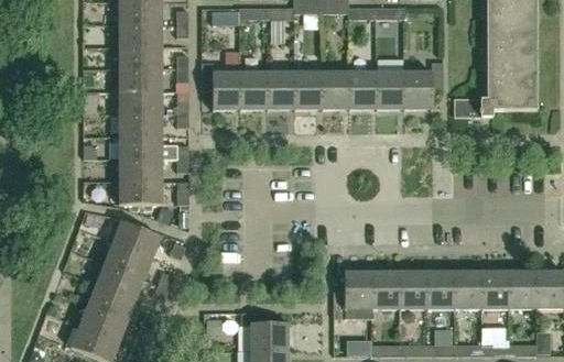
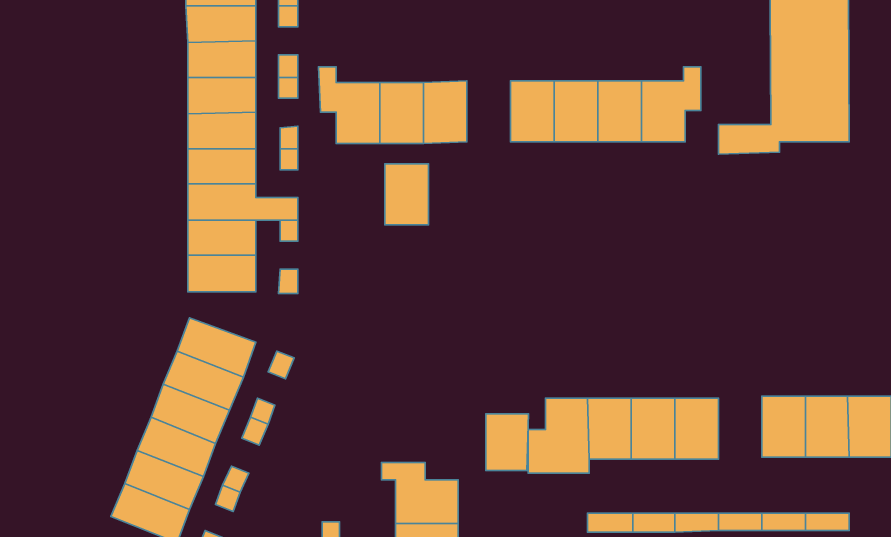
building: [295,70,323,109] -> [385,164,428,225]
building: [454,270,481,309] -> none
building: none -> [486,414,529,471]

